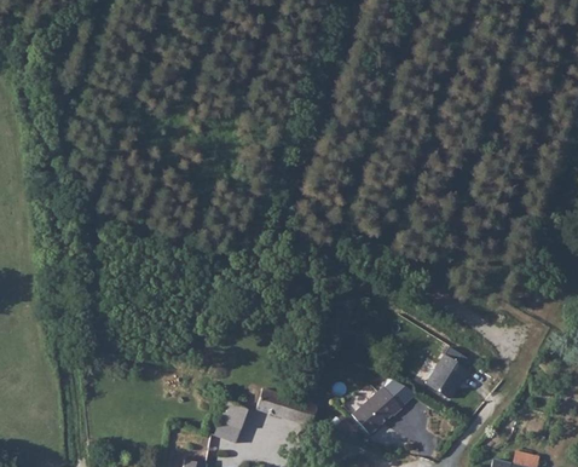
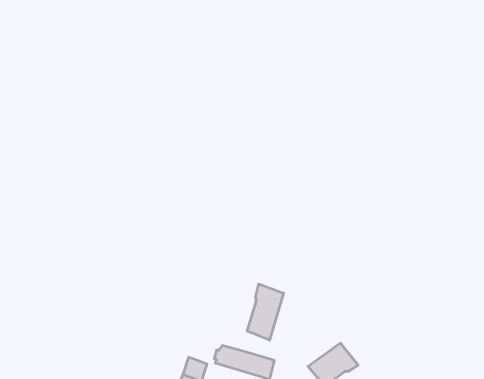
building: none -> [247,284,284,340]
building: [427,354,470,398] -> none

